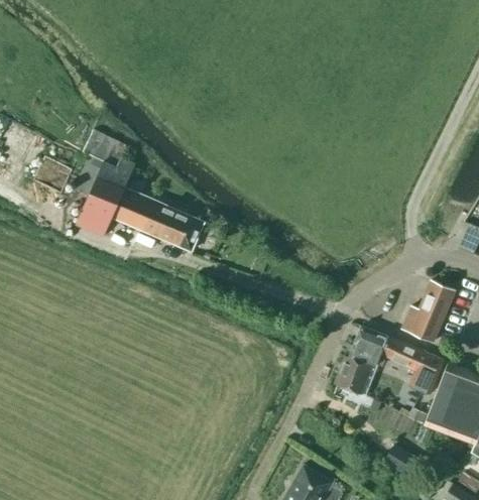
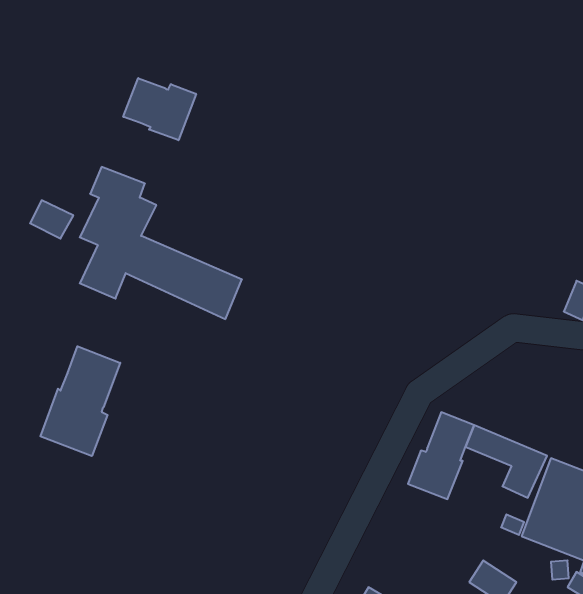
building: none -> [123,78,196,140]
building: none -> [40,346,120,456]
building: [402,280,456,343] -> none

